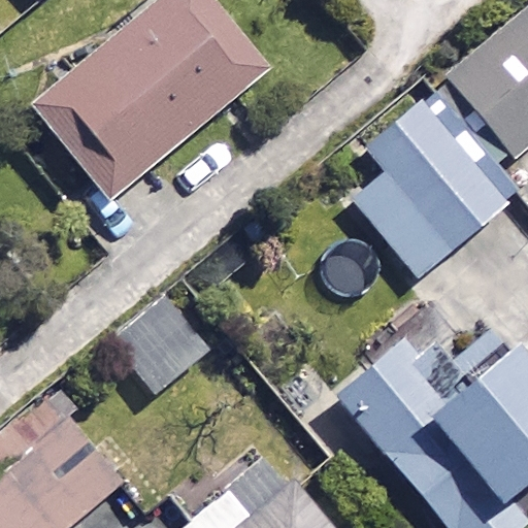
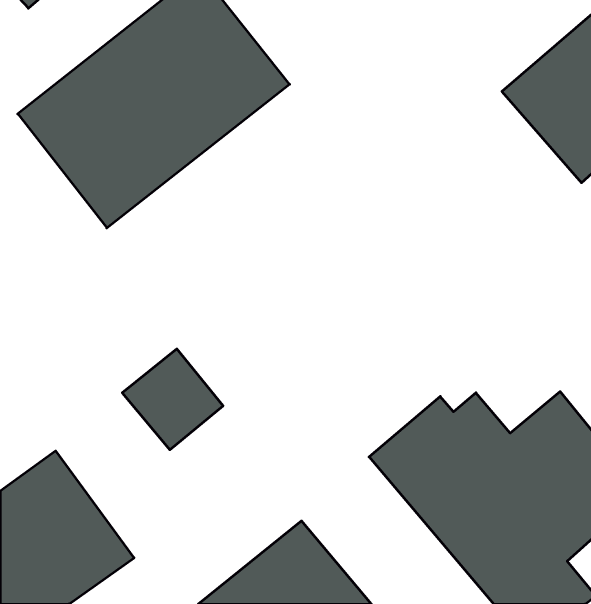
building: [357,98,513,277] -> none

